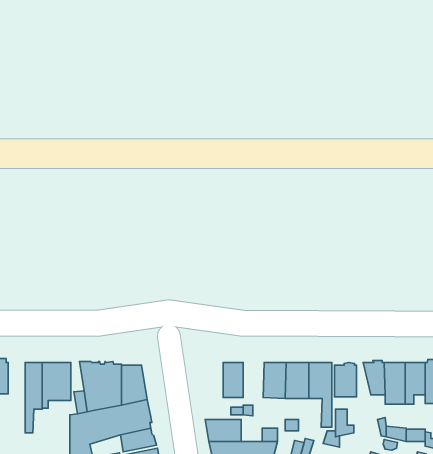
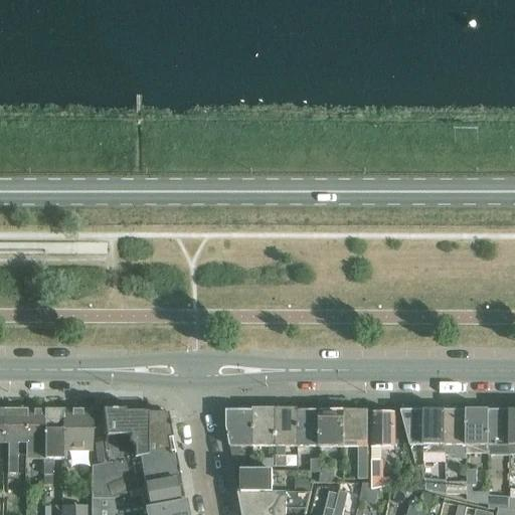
building: none -> [26,408,44,457]
building: none -> [227,408,253,464]
building: none -> [275,408,297,446]

